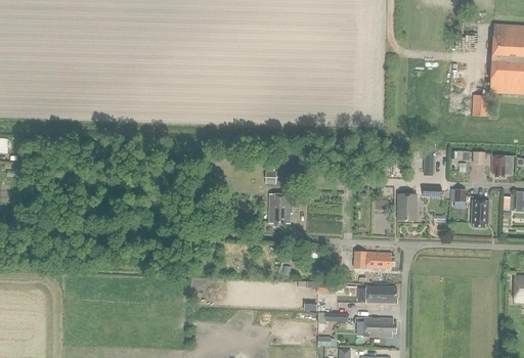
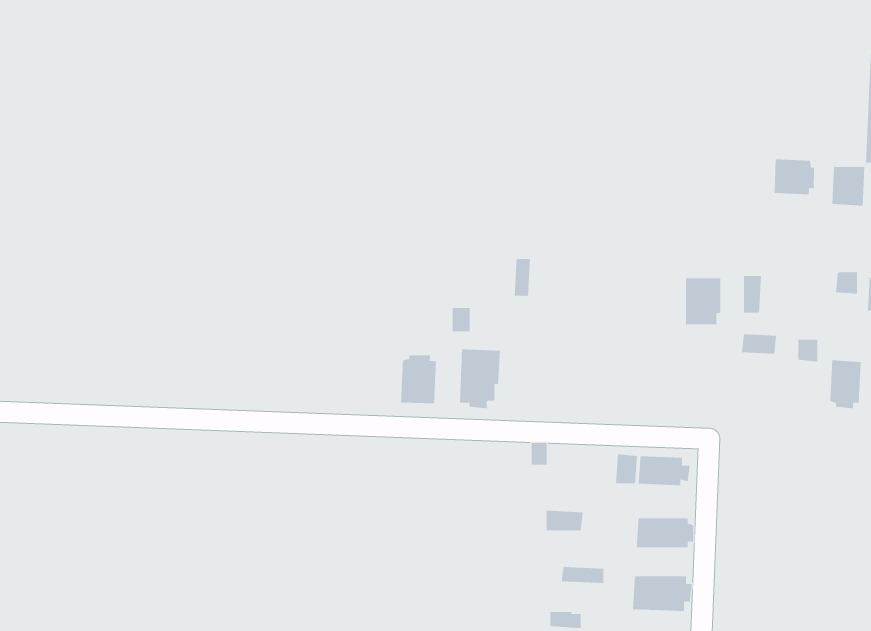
building: none -> [774,158,814,195]
building: [397,194,417,220] -> [685,278,721,325]
building: none -> [400,354,436,404]

